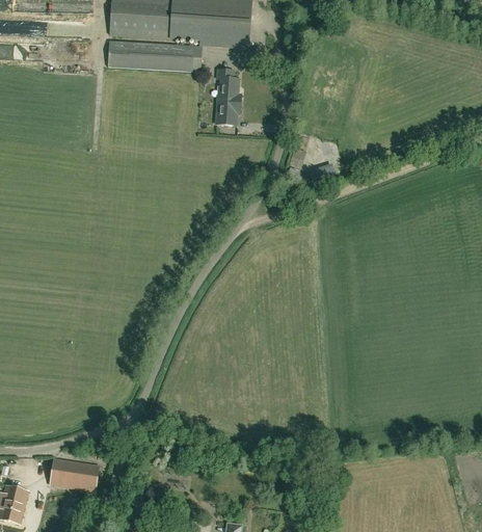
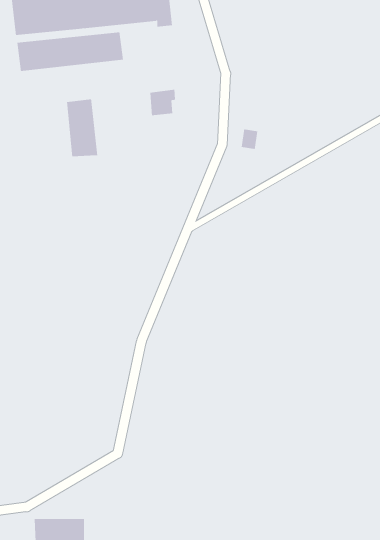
building: [217,69,241,104] -> none
building: none -> [67,99,98,157]

